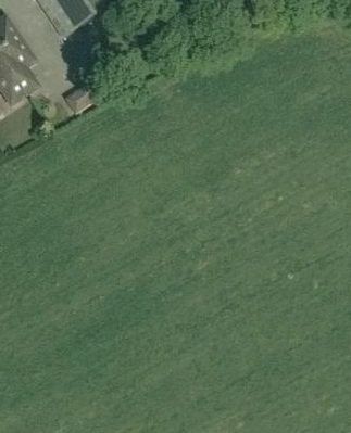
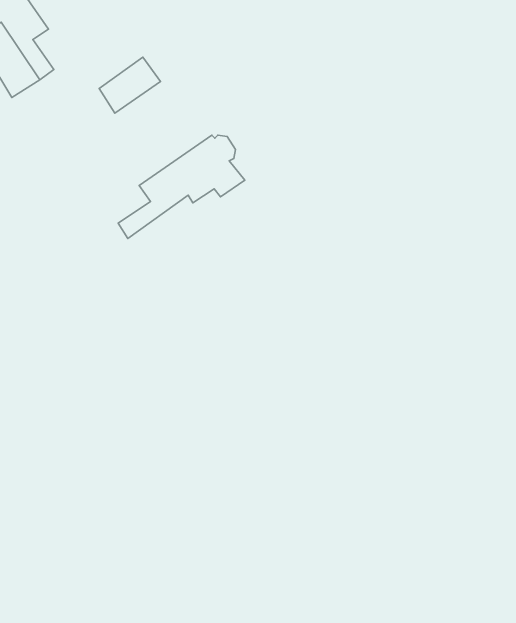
building: none -> [118,135,245,238]

